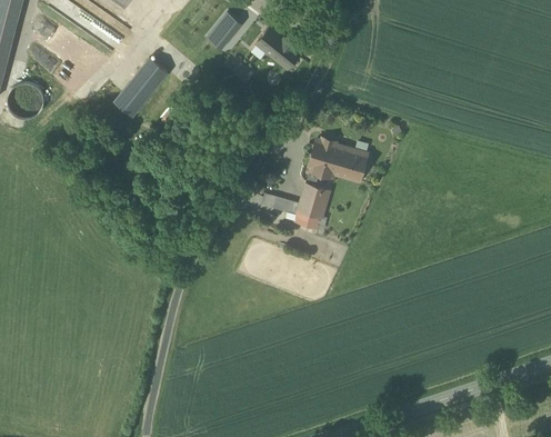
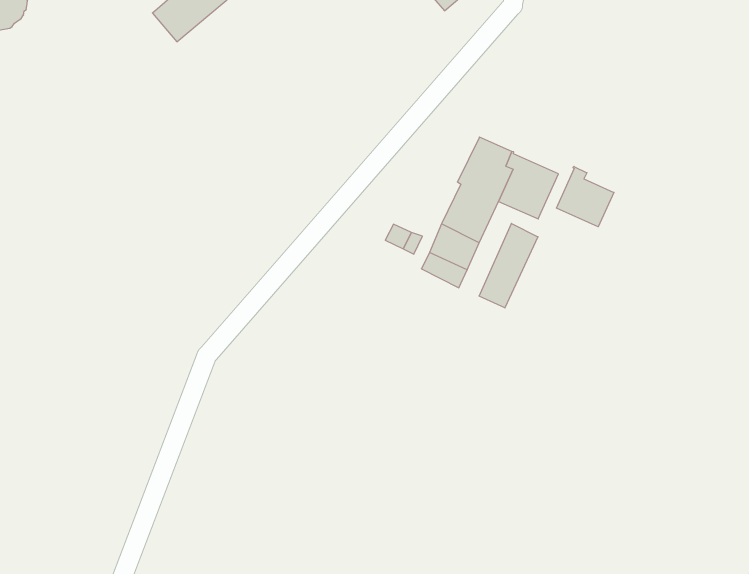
building: none -> [557,166,614,227]
building: none -> [479,223,538,308]

